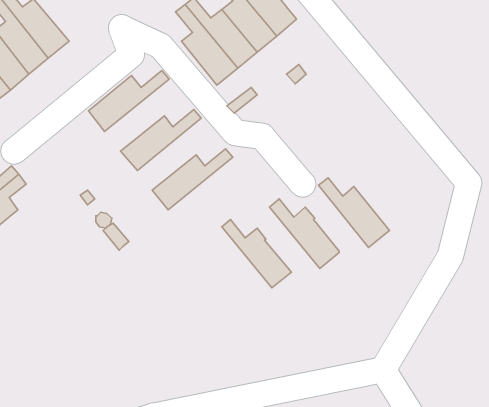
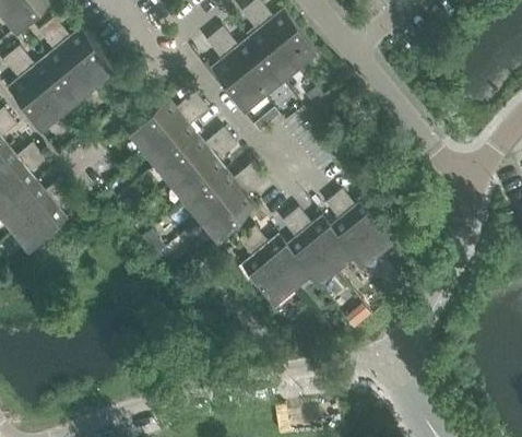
building: none -> [143,106,207,170]
building: none -> [173,141,236,205]
building: none -> [200,176,264,241]
building: none -> [327,201,379,271]
building: none -> [284,221,335,290]
building: none -> [233,238,293,308]

